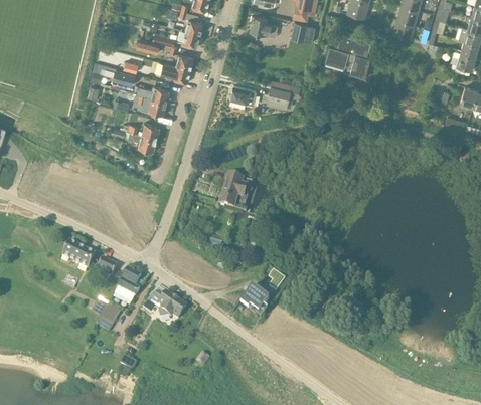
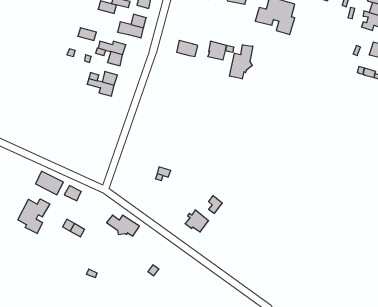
building: none -> [230,45,253,79]
building: [219,175,253,211] -> none
building: [117,268,143,297] -> none
building: none -> [18,199,50,234]

